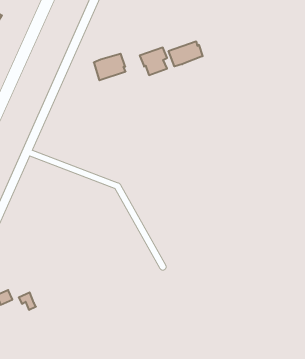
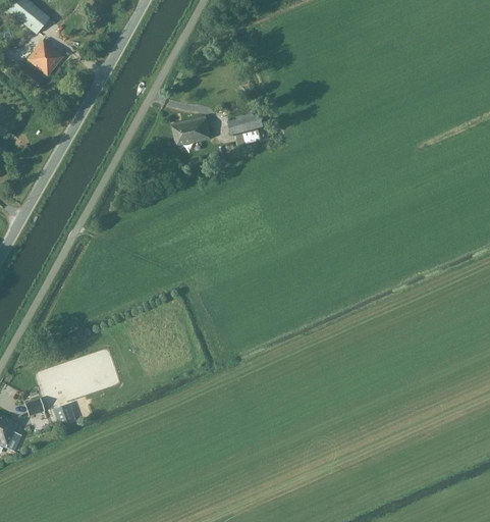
building: [169,41,203,66] -> none

